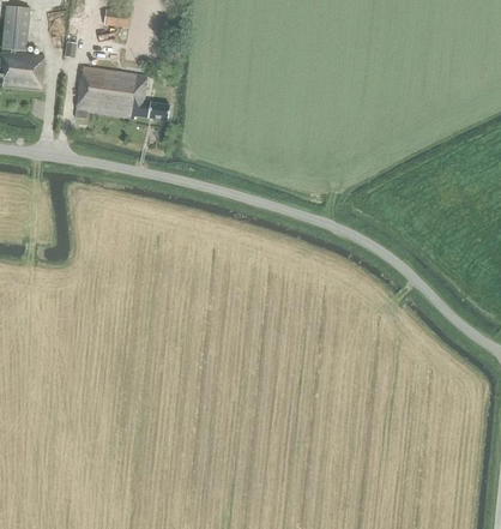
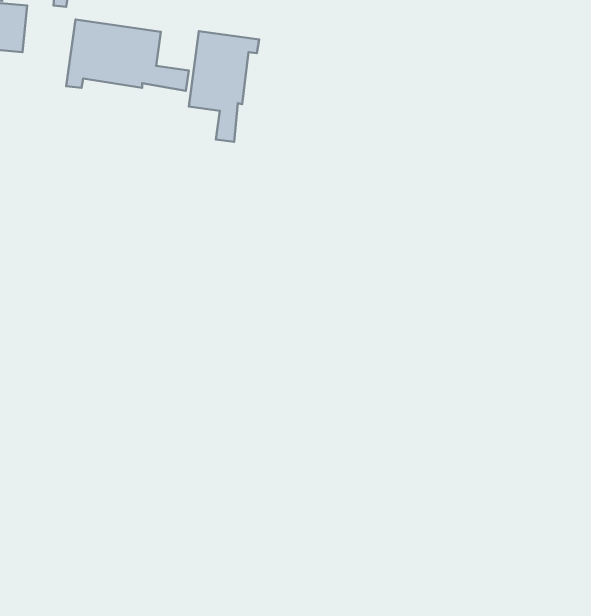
building: none -> [189,31,259,142]

